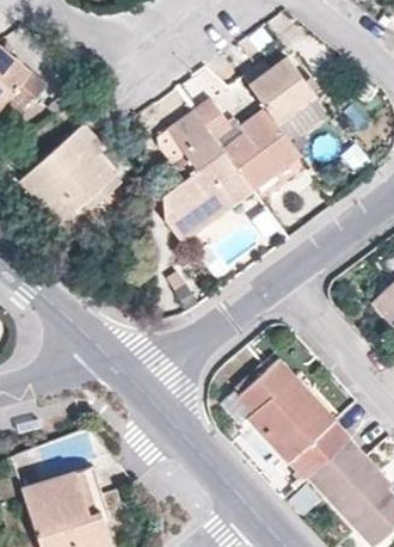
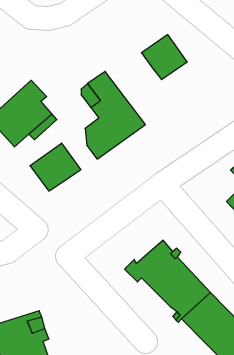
building: [195,99,303,190] -> none
building: none -> [30,143,81,191]

